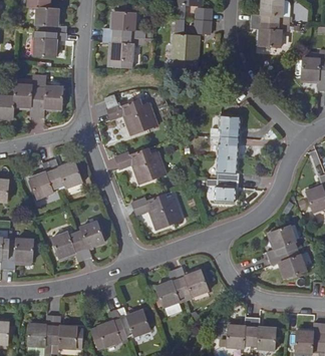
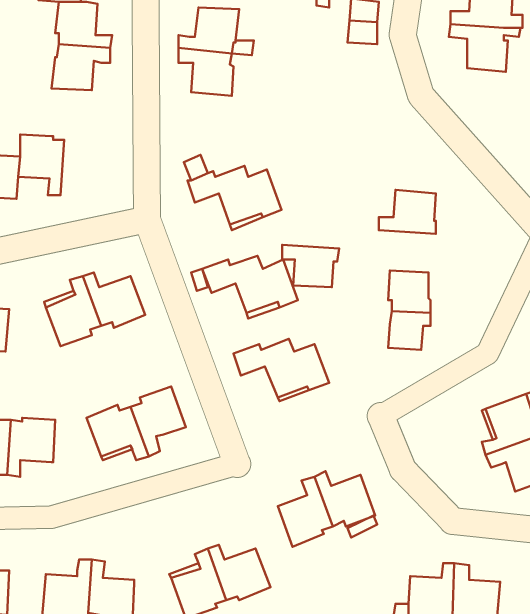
building: [171,26,197,68] -> none
building: [37,84,63,116] -> none
building: [211,134,242,157] -> [282,245,339,287]

